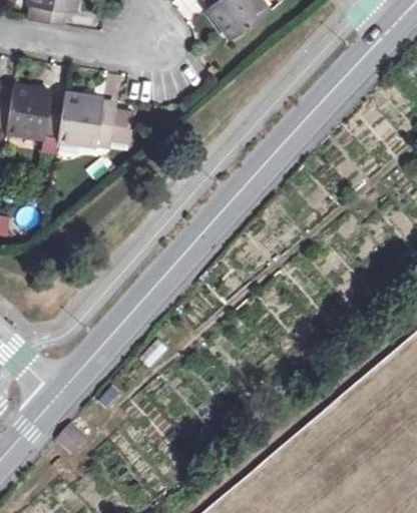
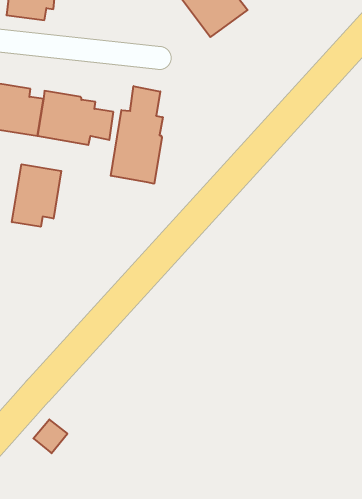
building: none -> [111,86,163,184]
building: none -> [12,164,61,227]

